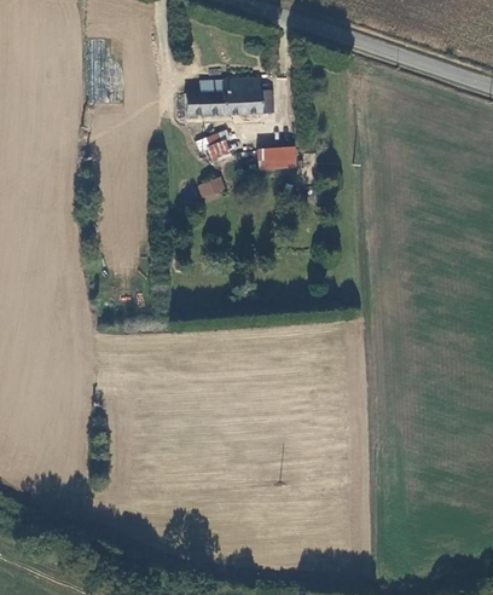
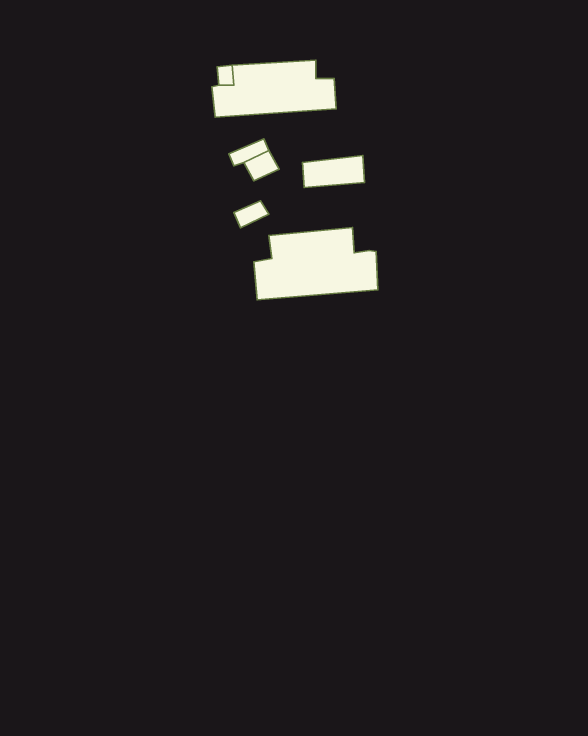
building: none -> [254,228,378,300]

